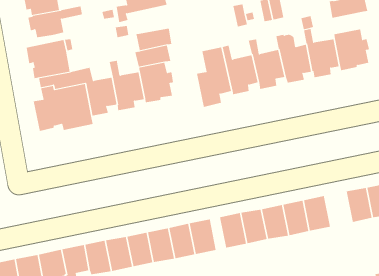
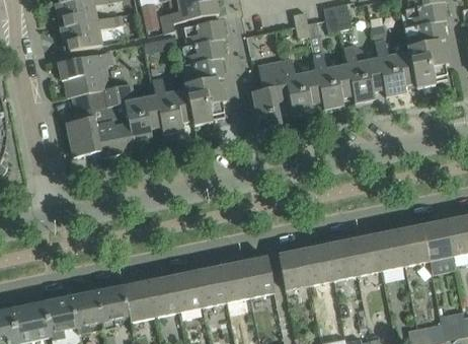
building: none -> [184,18,226,45]
building: none -> [405,20,447,46]
building: none -> [398,224,430,265]

